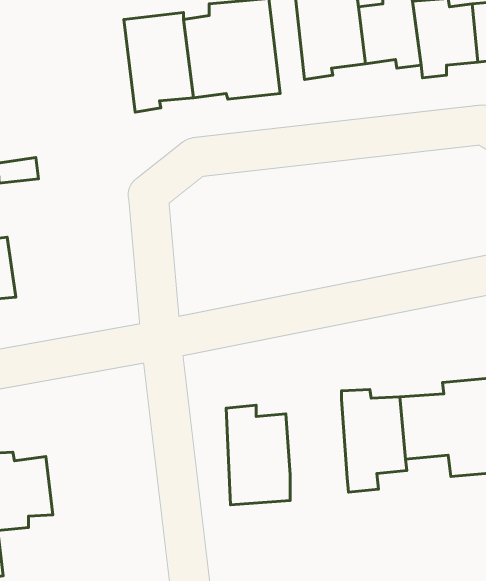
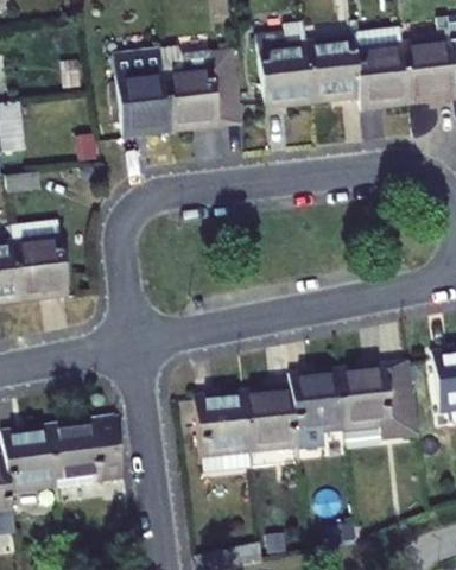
building: none -> [12,229,69,294]
building: none -> [245,378,296,445]
building: none -> [44,413,119,481]

